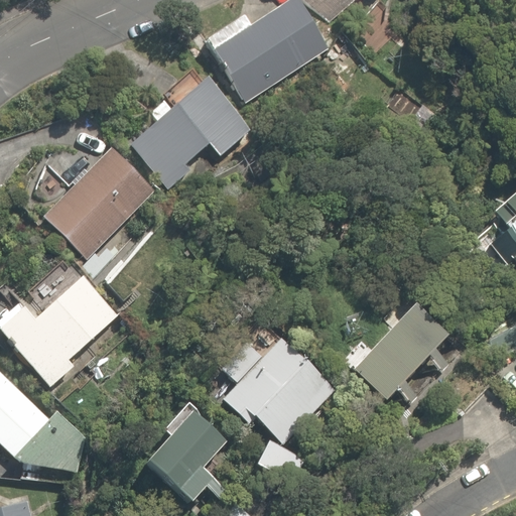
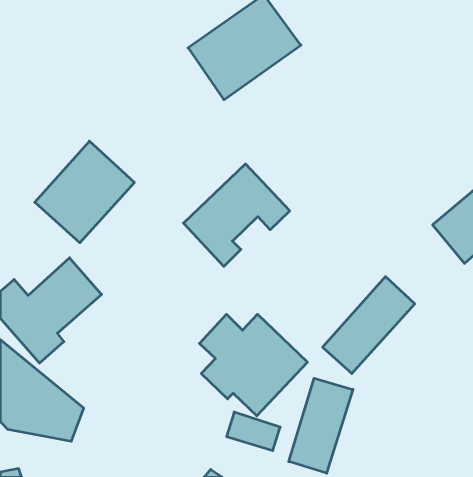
building: [130,82,244,191] -> [183,164,290,266]
building: [132,396,230,504] -> none
building: none -> [289,378,353,473]

